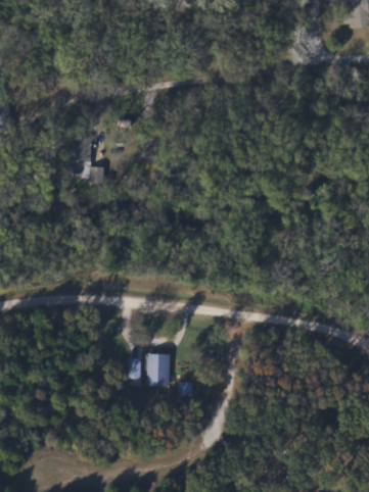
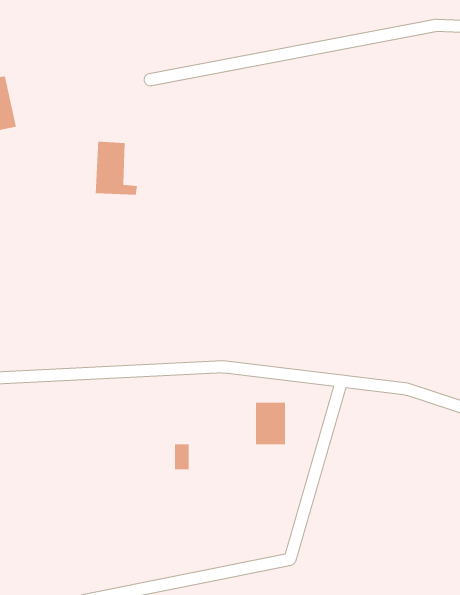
building: [148,354,171,386] -> [255,402,286,445]

